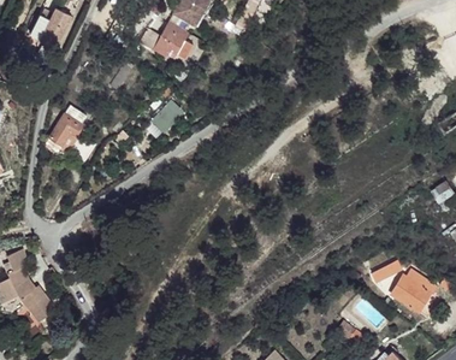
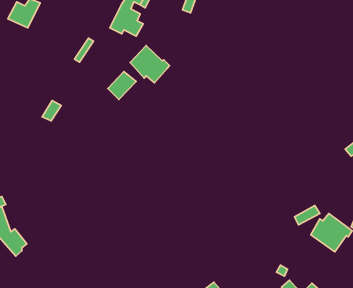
building: none -> [130,45,170,83]
building: [45,104,85,153] -> none

